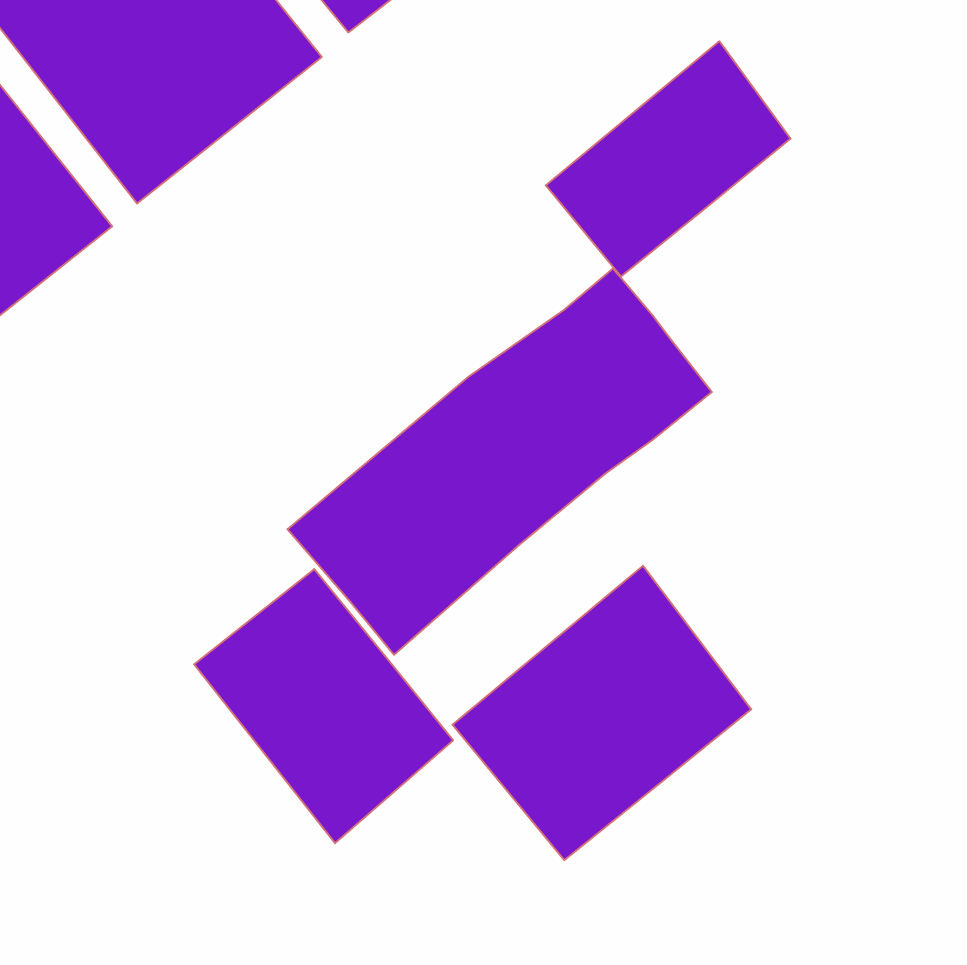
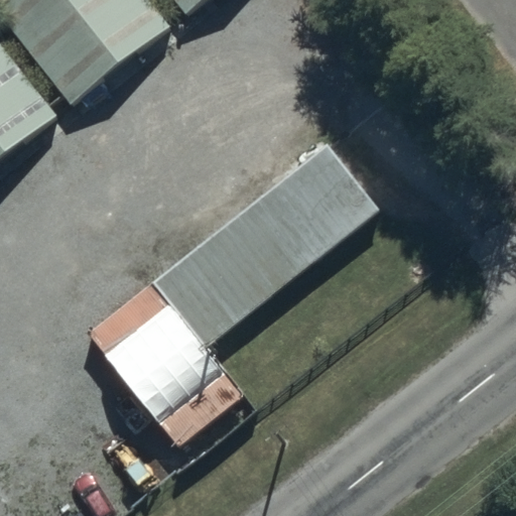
building: [546,41,791,276] -> none
building: [452,566,751,860] -> none

